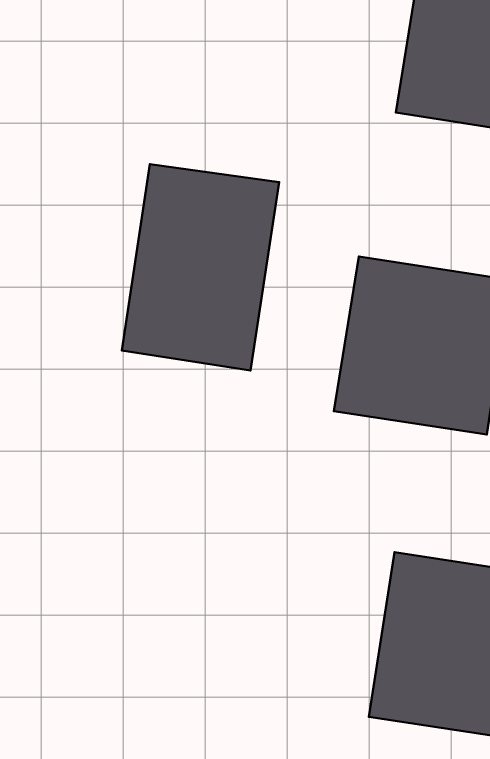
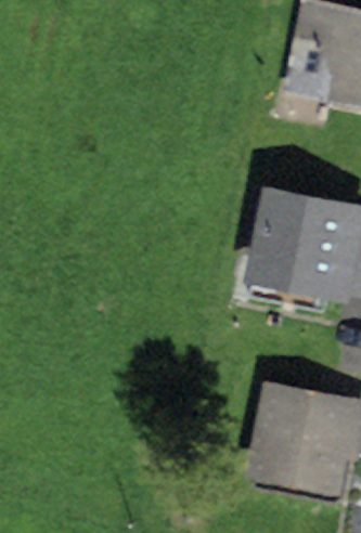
building: [122,164,279,371] -> none

